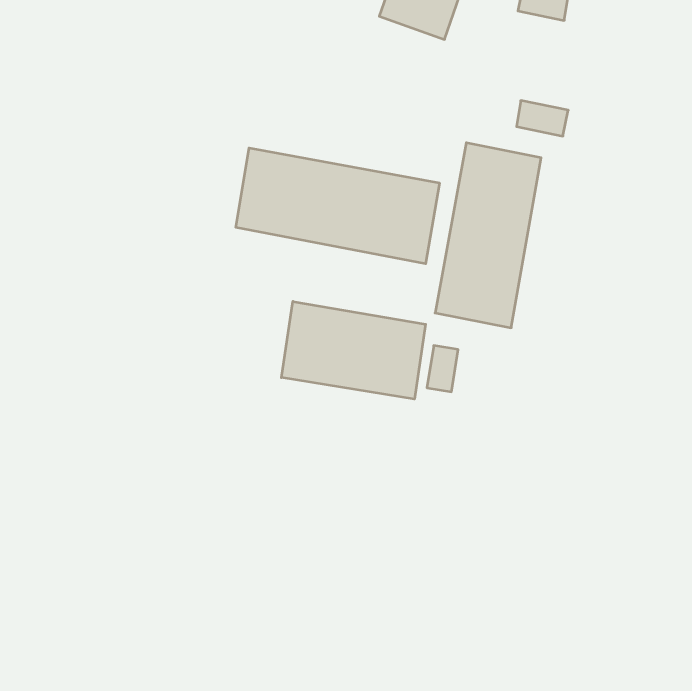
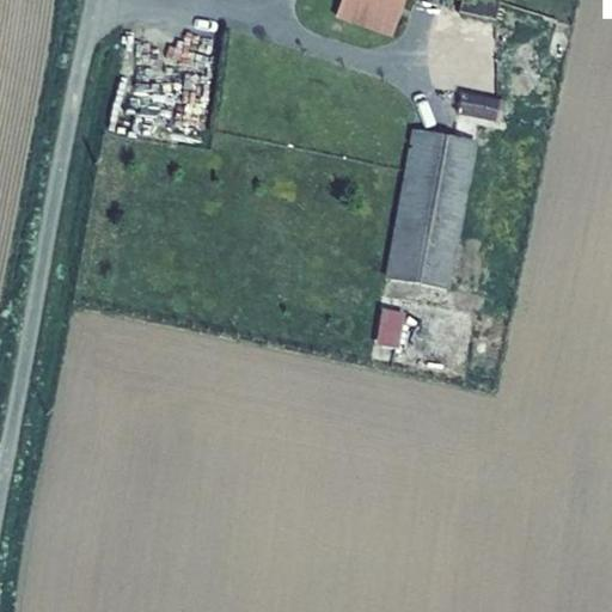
building: [236,148,439,264] -> none
building: [281,301,426,399] -> none

